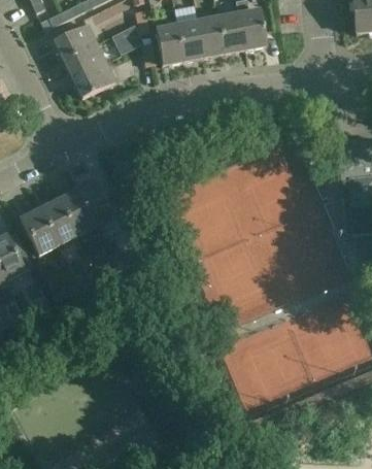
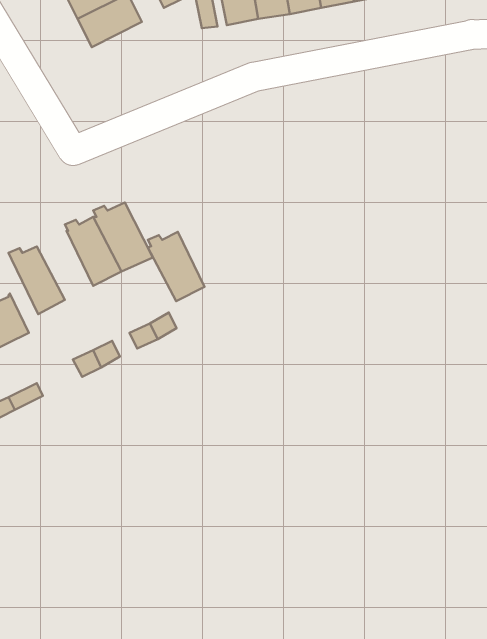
building: [74,62,115,97] -> none
building: [38,199,75,244] -> [148,232,204,301]

